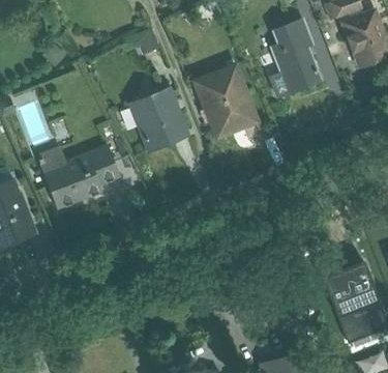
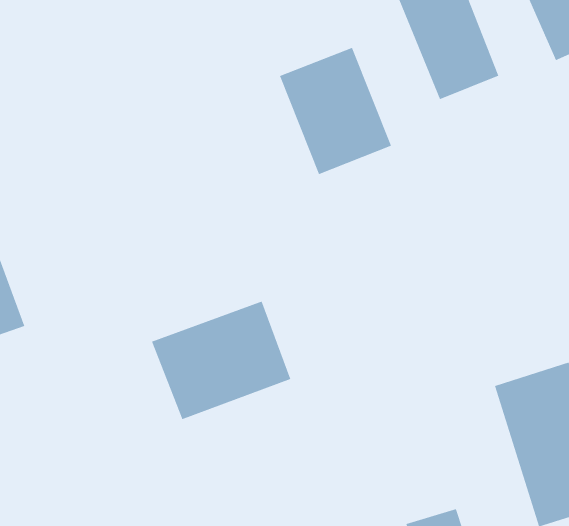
building: [129,87,188,151] -> none
building: [37,140,122,212] -> [151,301,291,420]

